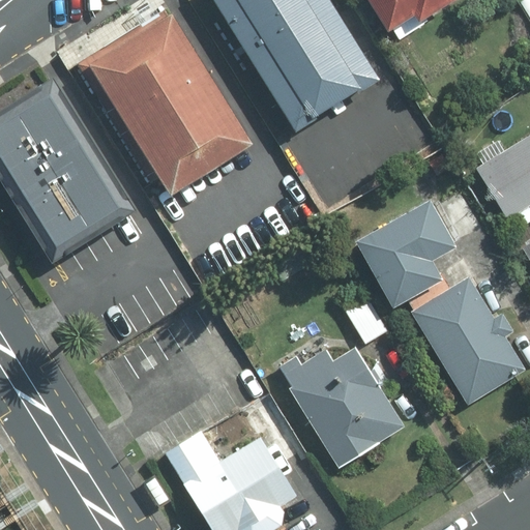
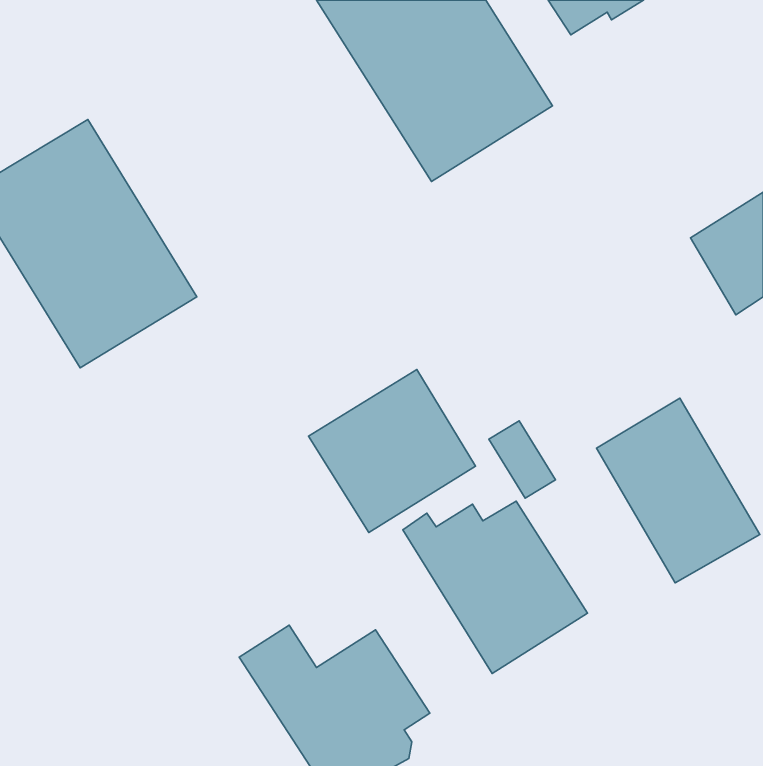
building: [93,16,255,196] -> none
building: [357,197,455,304] -> none
building: none -> [308,370,476,533]

